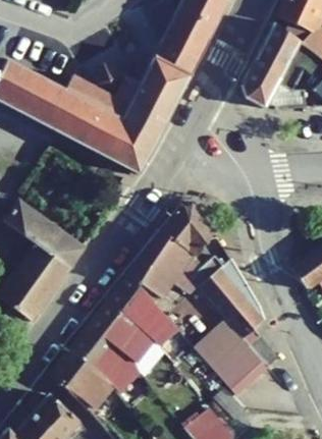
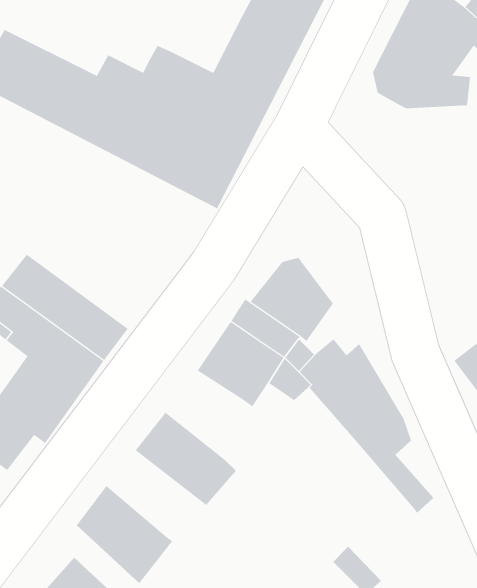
building: [107,275,160,332] -> none
building: [195,319,268,395] -> none
building: [69,326,141,392] -> none

